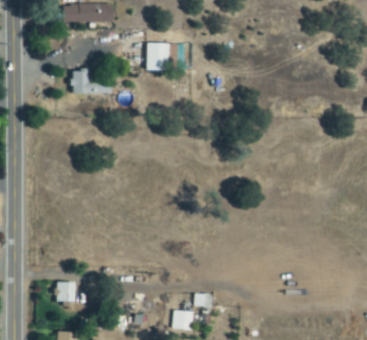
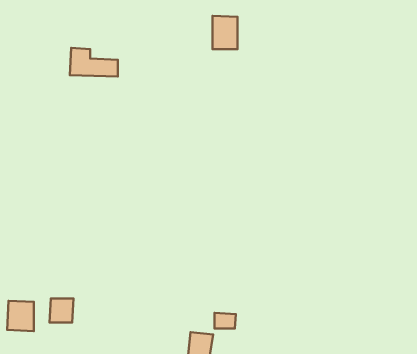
building: [147,43,168,71] -> [213,16,238,49]
building: none -> [7,301,34,331]

